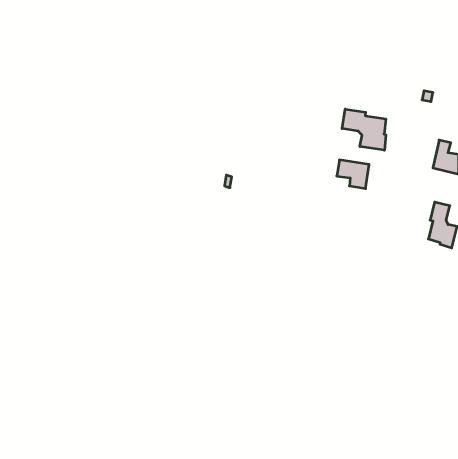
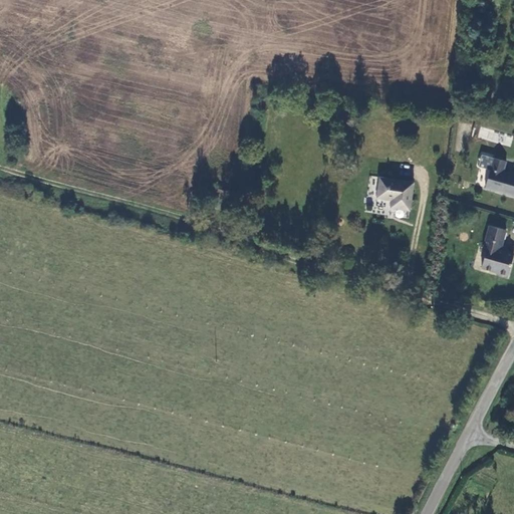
building: [342,109,386,150] -> none

